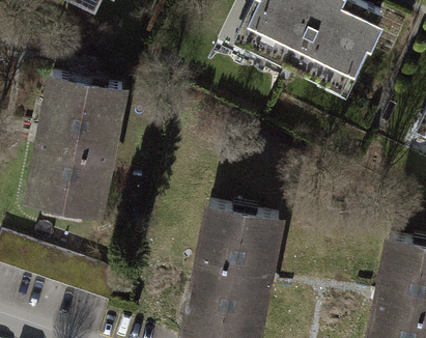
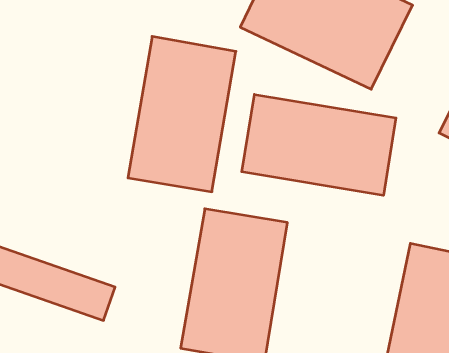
building: [29,69,126,209] -> [128,36,236,192]
building: none -> [242,94,396,195]

